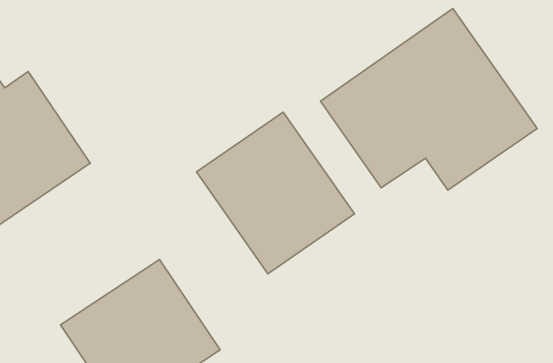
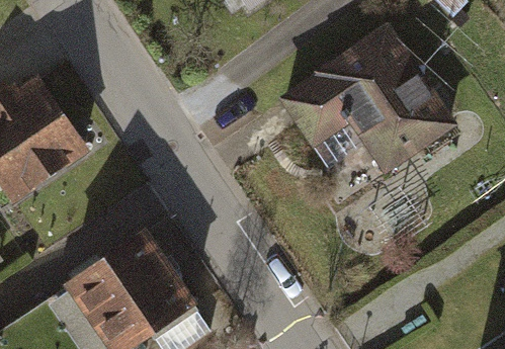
building: [196,112,355,274] -> none

